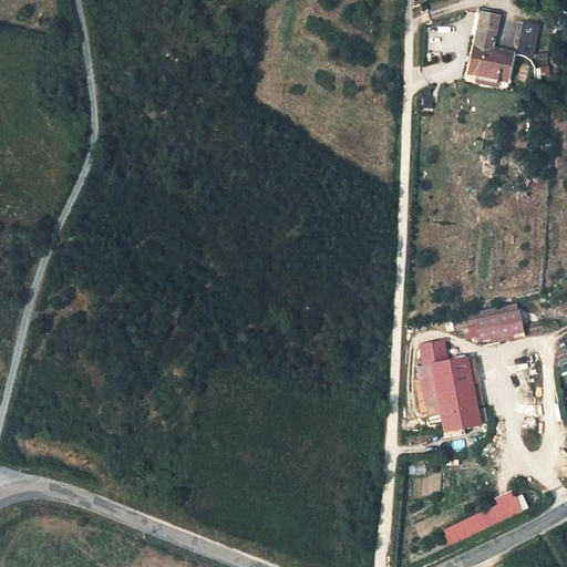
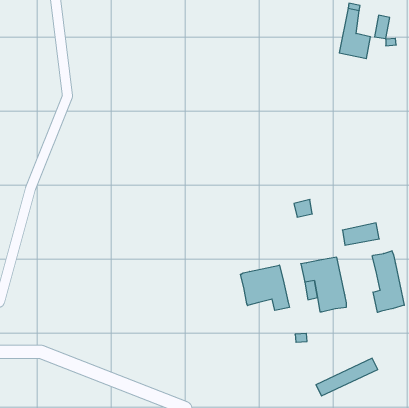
building: [419,339,444,363] -> [294,199,312,217]
building: none -> [372,251,404,312]
building: none -> [240,265,289,310]

